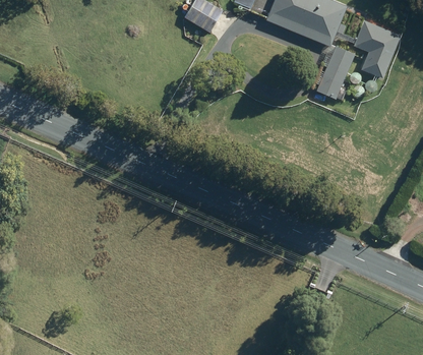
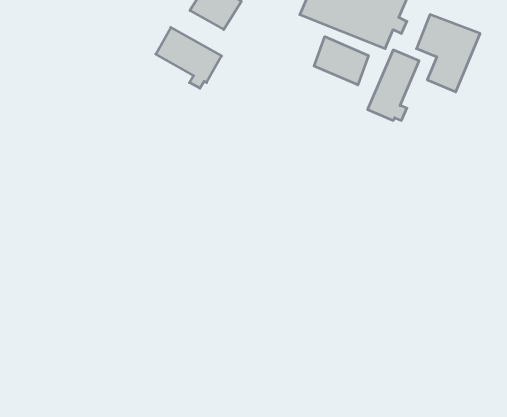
building: none -> [156,27,222,88]
building: none -> [314,37,368,85]

